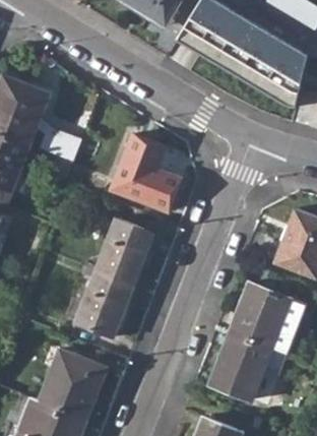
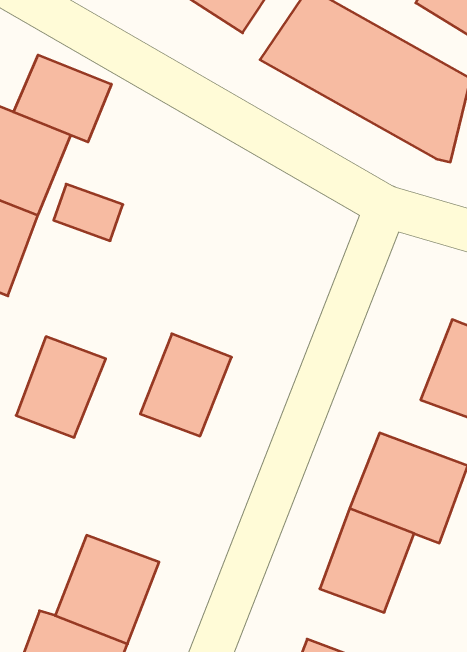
building: none -> [13,55,111,142]
building: [112,135,180,211] -> none
building: [75,271,133,336] -> [16,337,106,437]

